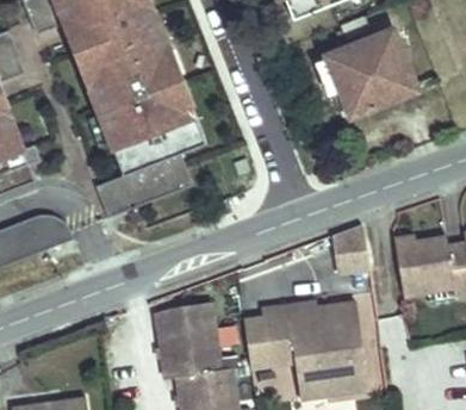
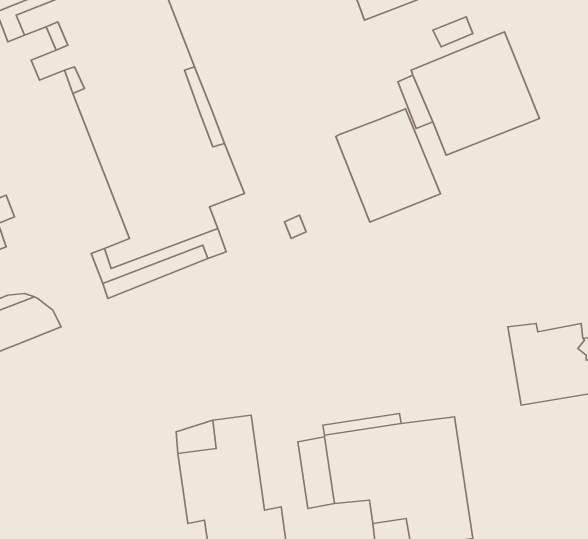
building: none -> [336,109,440,222]
building: [331,223,368,272] -> none

